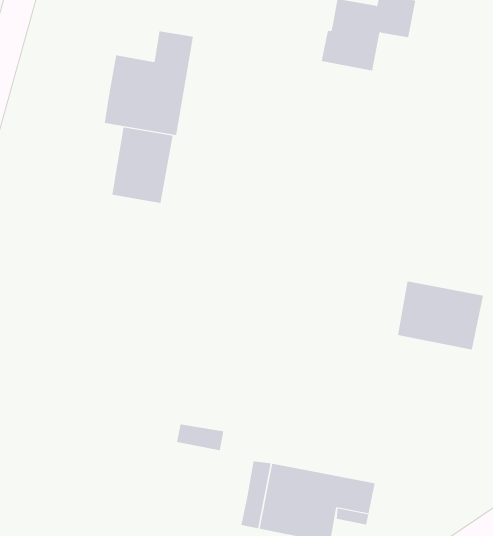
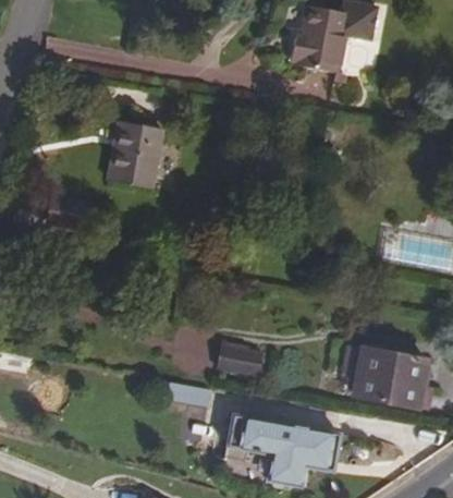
building: [104,30,194,136] -> none
building: [397,281,484,350] -> [353,348,429,409]
building: none -> [218,342,261,376]

